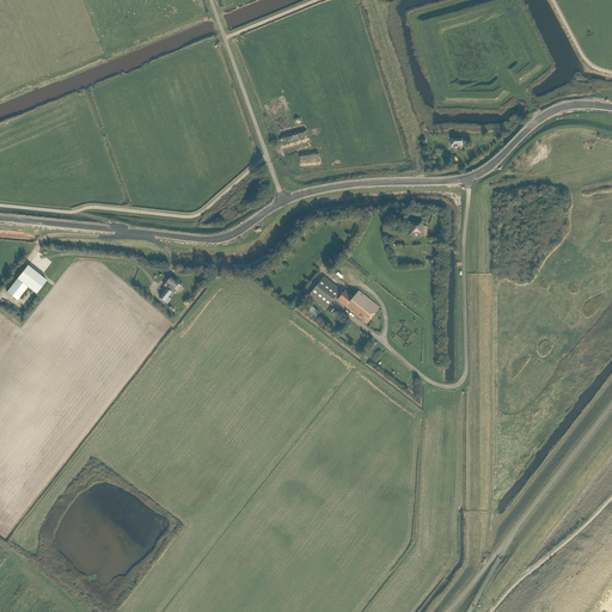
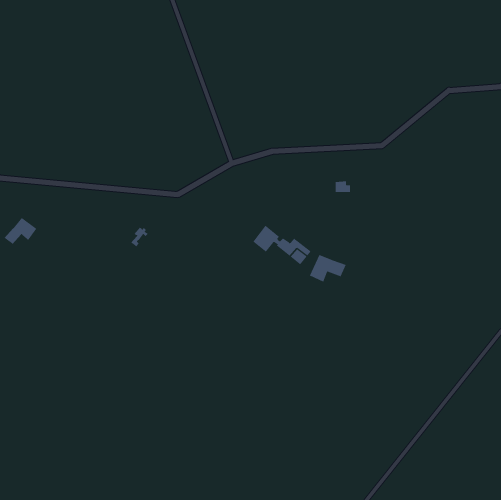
building: none -> [309,254,347,282]

